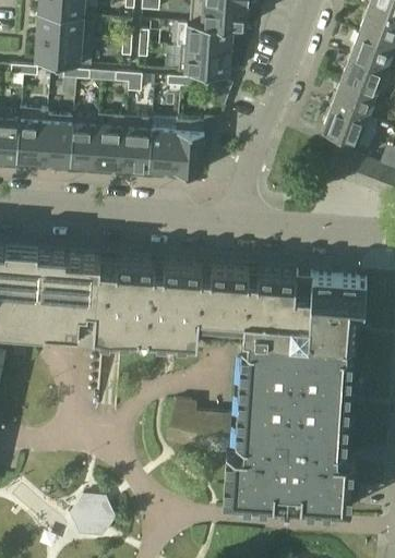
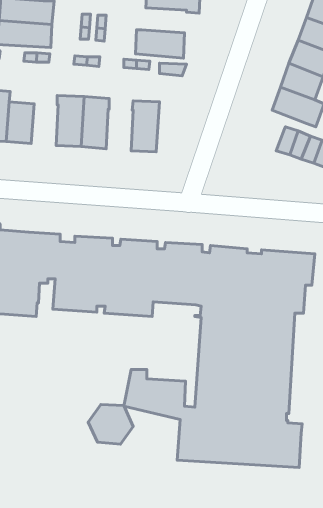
building: [185,25,232,52] -> none
building: [70,126,98,170] -> none
building: [148,132,177,175] -> none
building: [69,498,116,539] -> [88,405,133,444]

